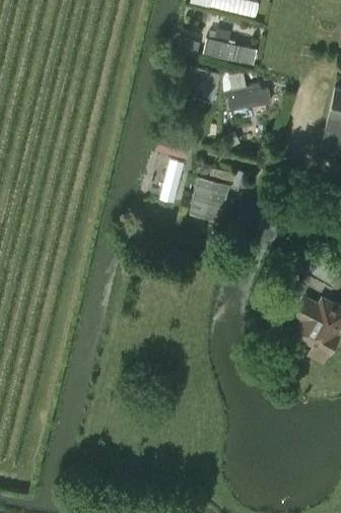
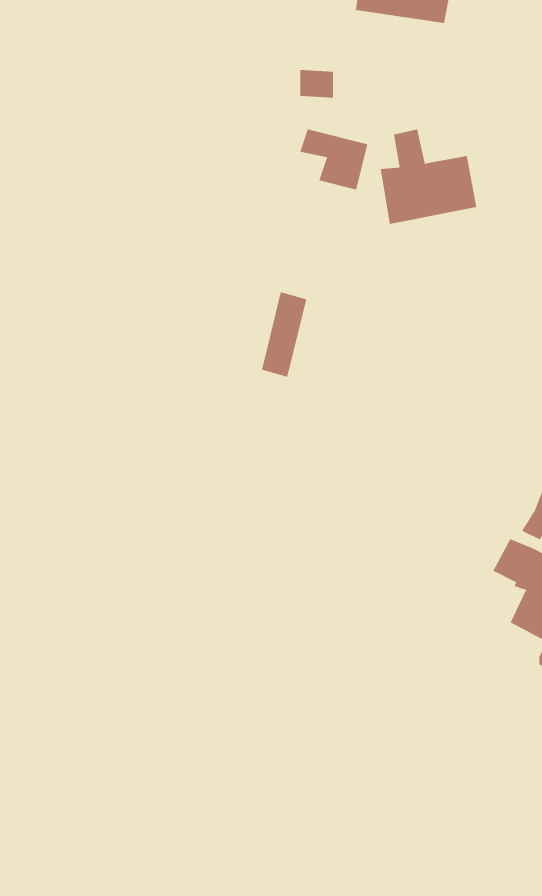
building: [204,37,259,65] -> none
building: [188,164,248,221] -> none

